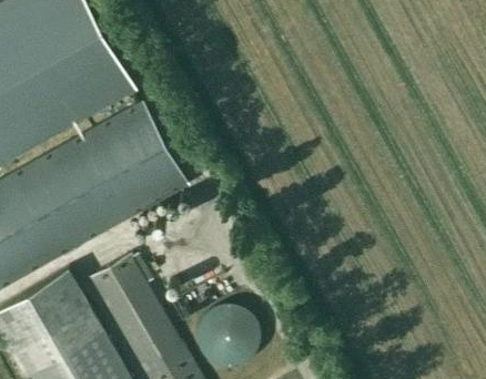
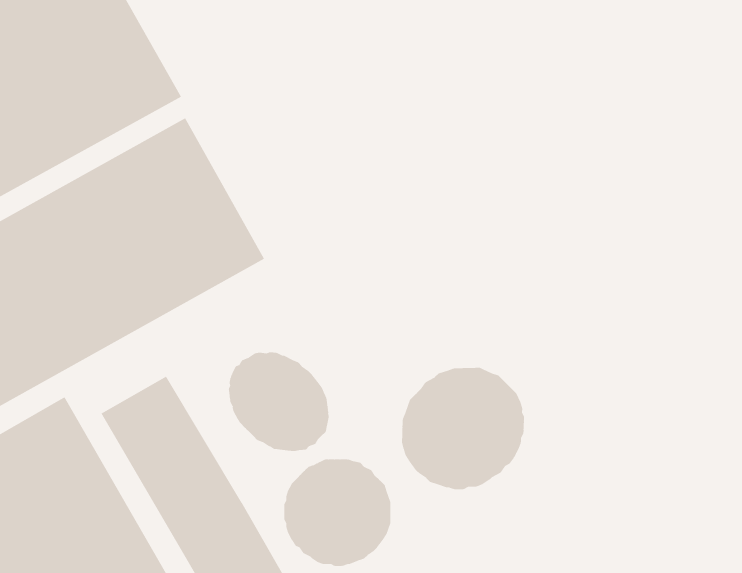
building: none -> [228,351,329,452]
building: none -> [401,367,525,490]

